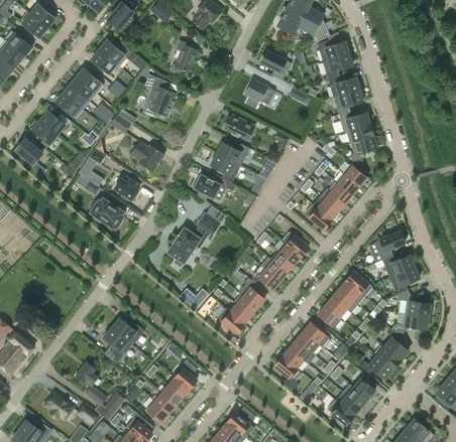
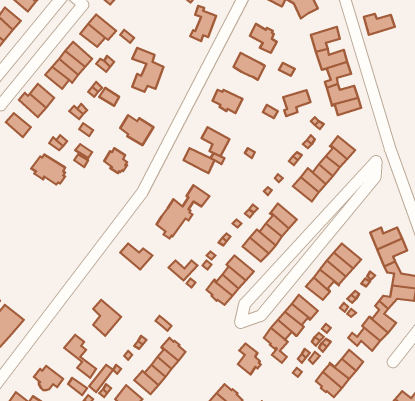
building: [170,40,197,76] -> [190,6,216,41]
building: [318,40,349,61] -> [364,14,395,35]
building: [350,135,377,161] -> [283,90,310,116]
building: [219,143,250,166] -> none
building: [90,198,124,229] -> [31,154,65,185]
building: [374,232,405,260] -> none
building: [112,318,144,344] -> [120,243,152,270]
building: none -> [238,344,261,375]

